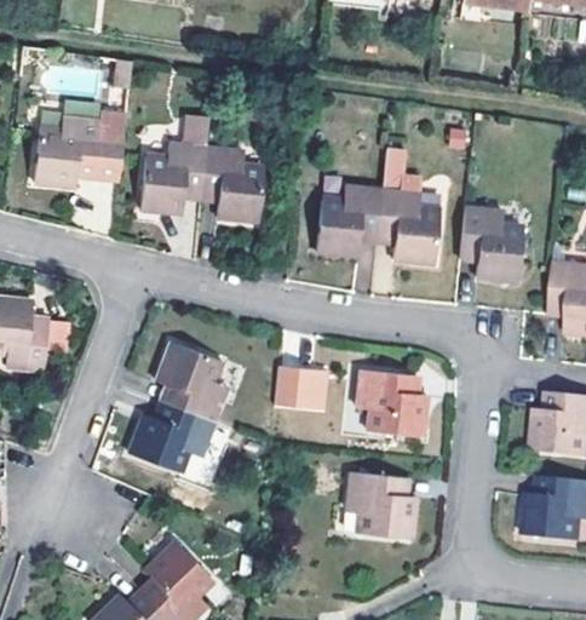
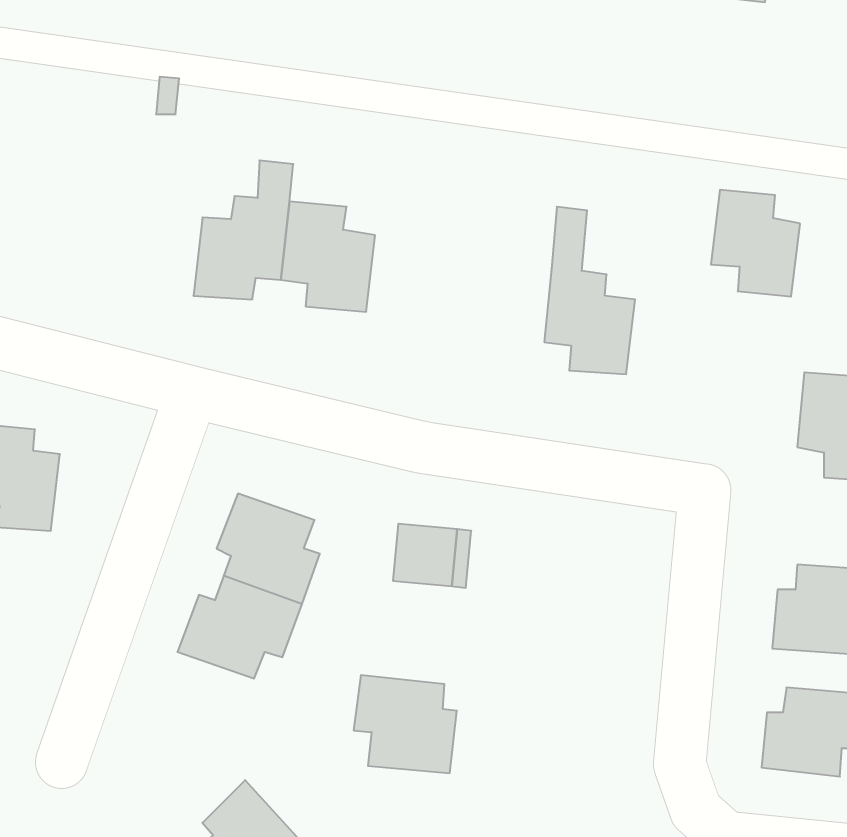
building: [33,109,125,188] -> none
building: [316,188,383,257] -> none
building: [459,209,519,282] -> [711,190,800,297]
building: [358,371,427,437] -> none
building: [347,473,418,540] -> [354,675,457,773]

